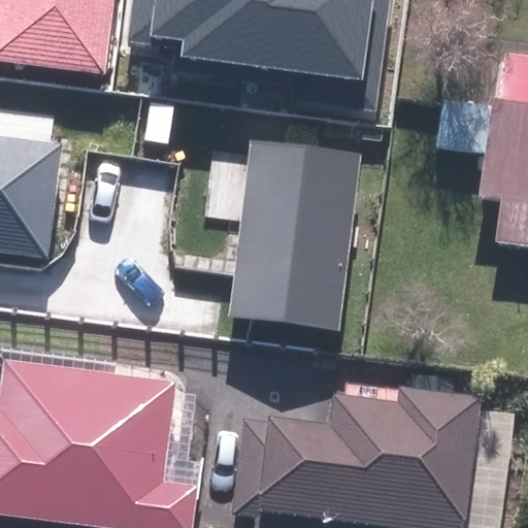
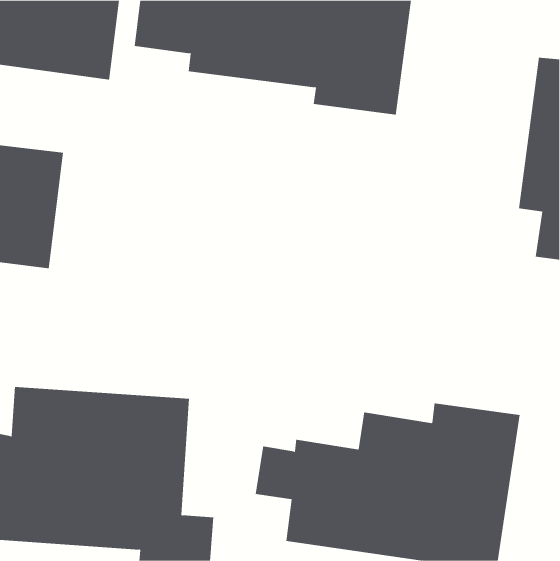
building: [227,141,361,333] -> none

